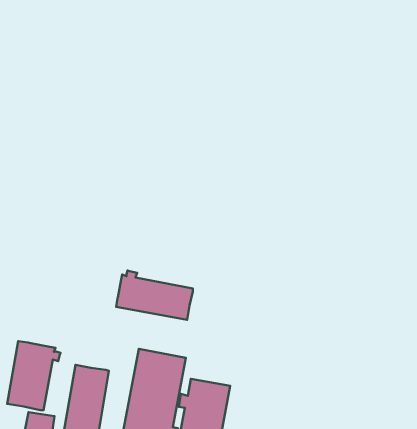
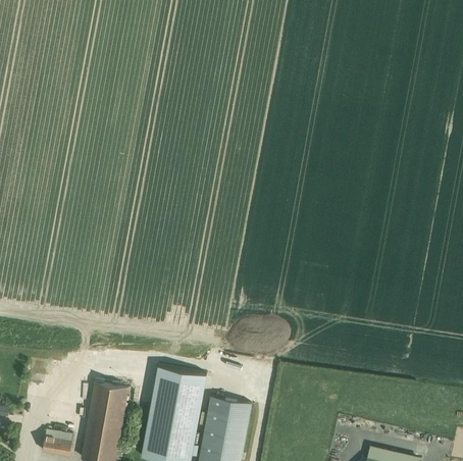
building: [116,271,193,320] -> none
building: [7,341,60,410] -> none

